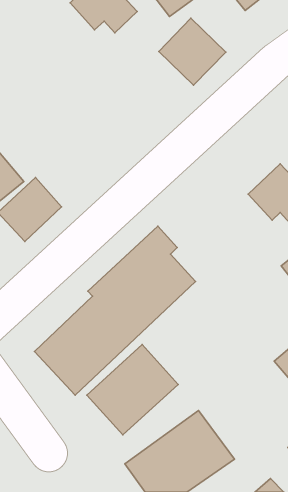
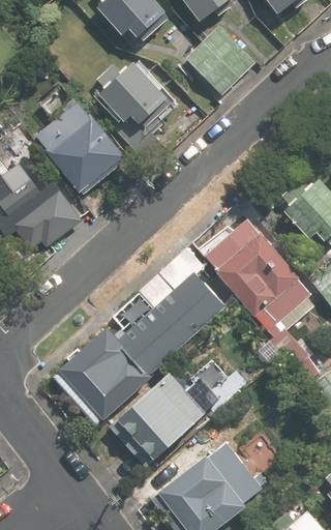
building: none -> [96,60,171,127]
building: none -> [32,102,123,196]
building: none -> [203,217,320,380]

